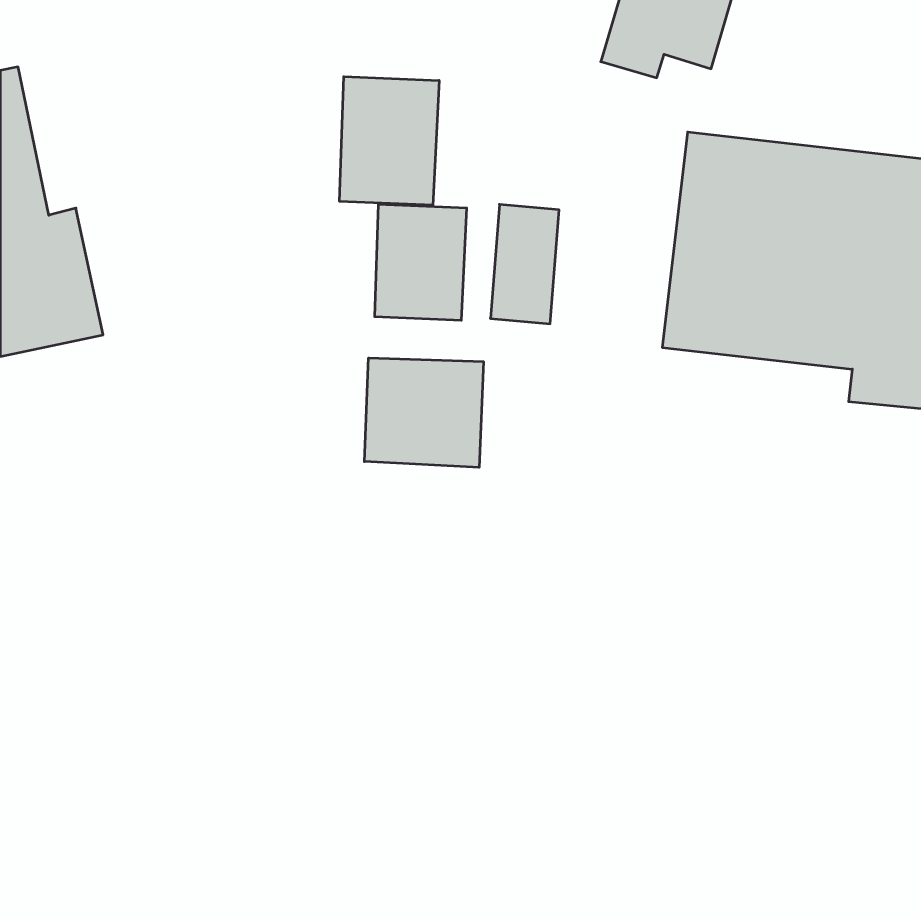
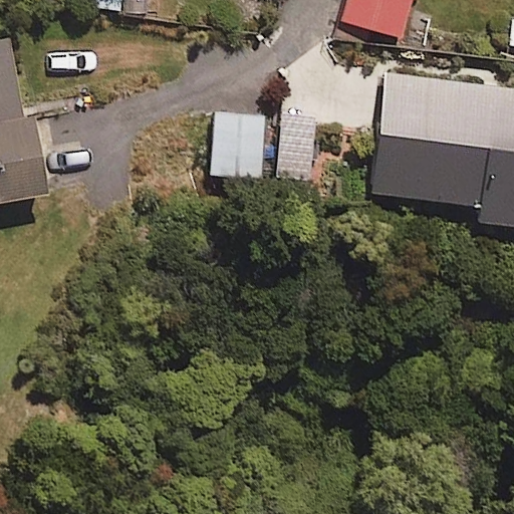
building: [340,77,439,205] -> none
building: [364,358,483,467] -> none

